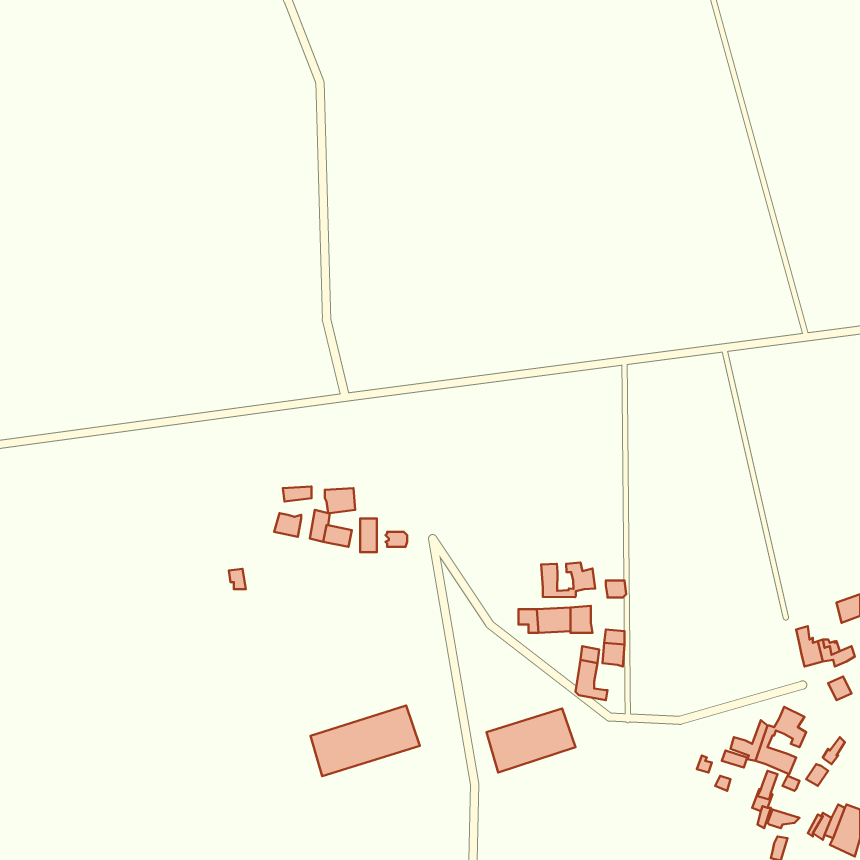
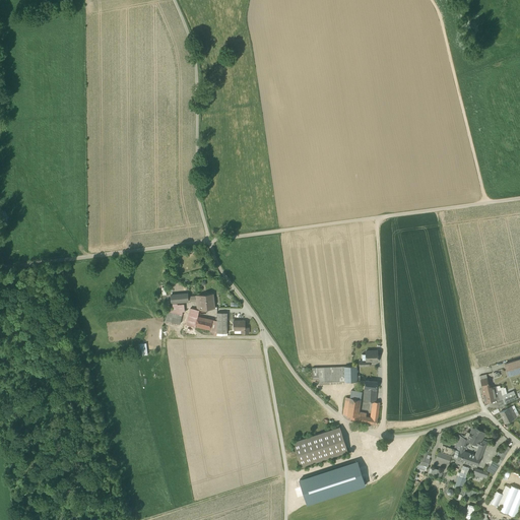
building: [541,563,595,597] -> none
building: [310,706,420,776] -> [300,461,366,504]

